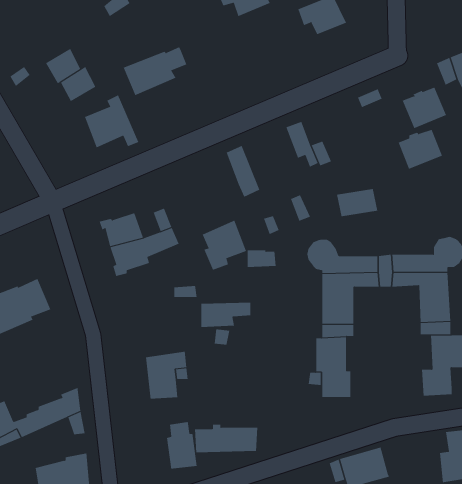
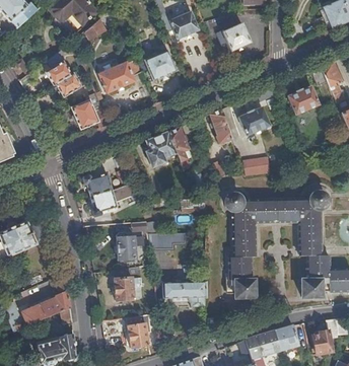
building: none -> [144,49,176,80]
building: [398,129,443,169] -> [239,107,270,135]
building: [202,220,247,270] -> [146,131,177,165]
building: none -> [117,231,136,259]
building: [194,424,258,453] -> [163,278,207,297]
building: none -> [274,324,298,351]

